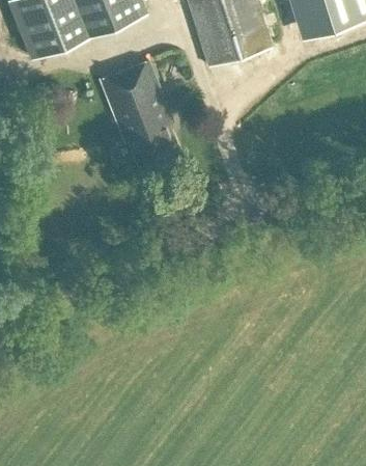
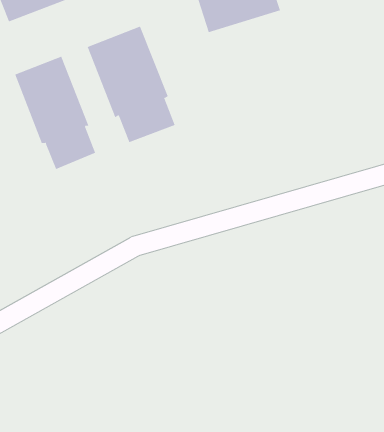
building: none -> [15,56,96,170]

